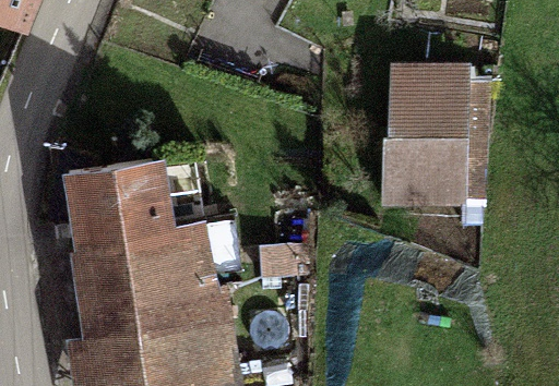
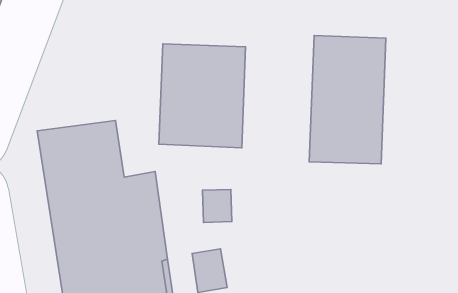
building: none -> [159,44,246,148]

